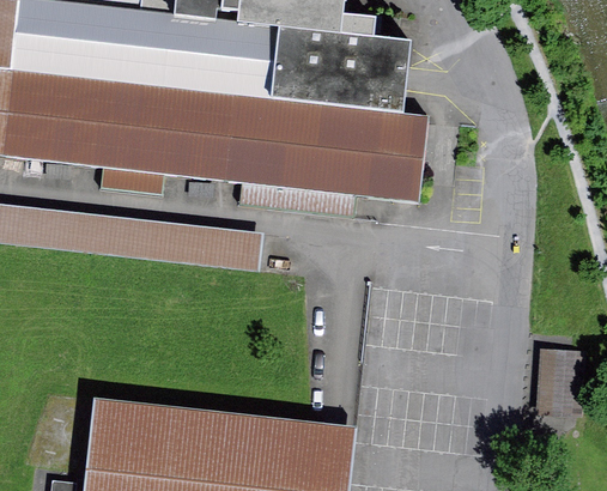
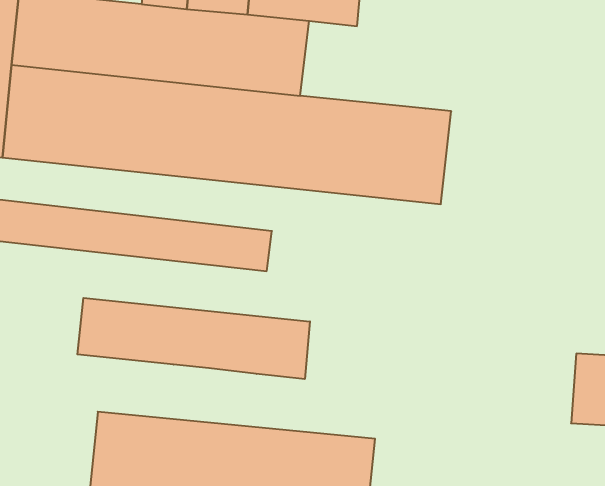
building: [285,36,408,117] -> none
building: none -> [77,298,310,379]

